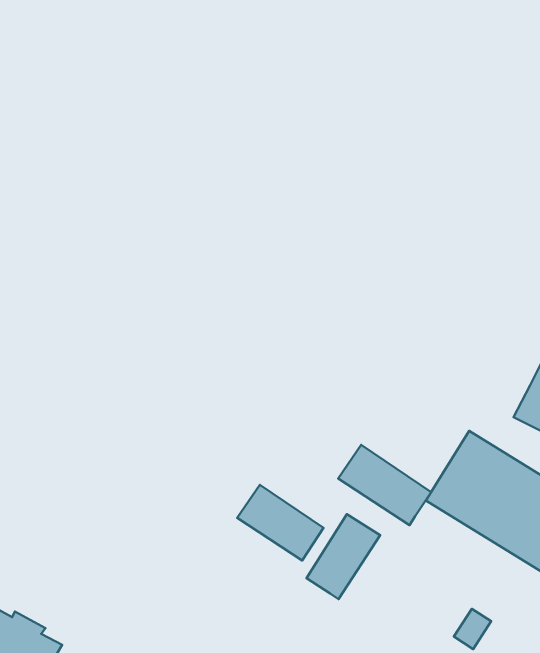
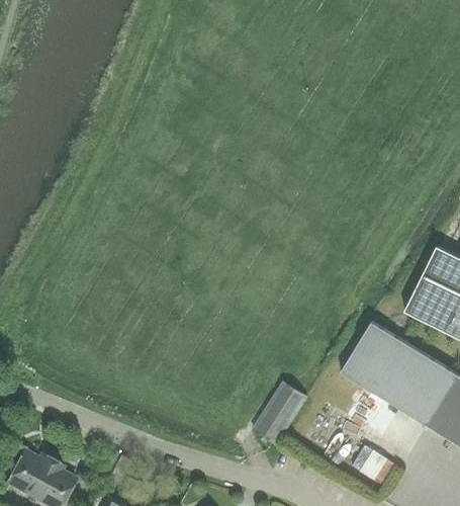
building: [338,445,431,525] -> none
building: [237,485,323,560] -> none

